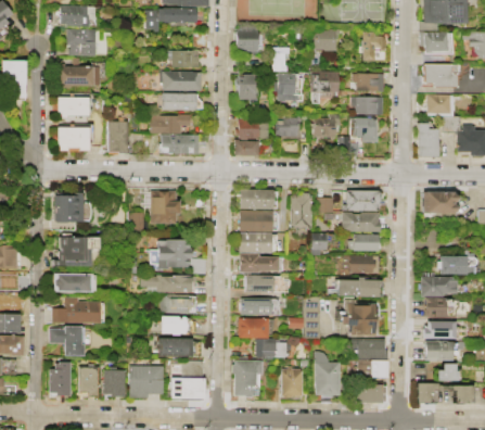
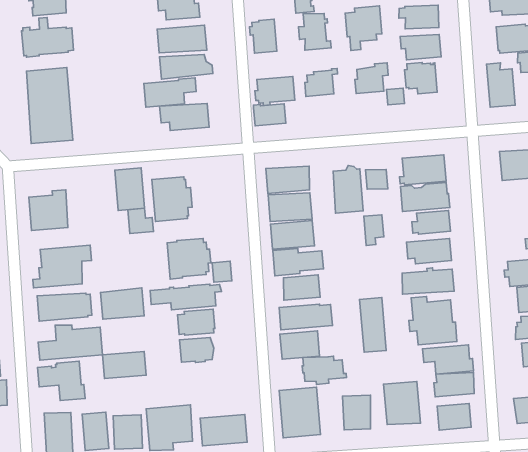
building: [110,124,130,155] -> [115,168,145,211]
building: none -> [101,288,144,319]
building: [158,338,191,356] -> [102,351,146,379]

